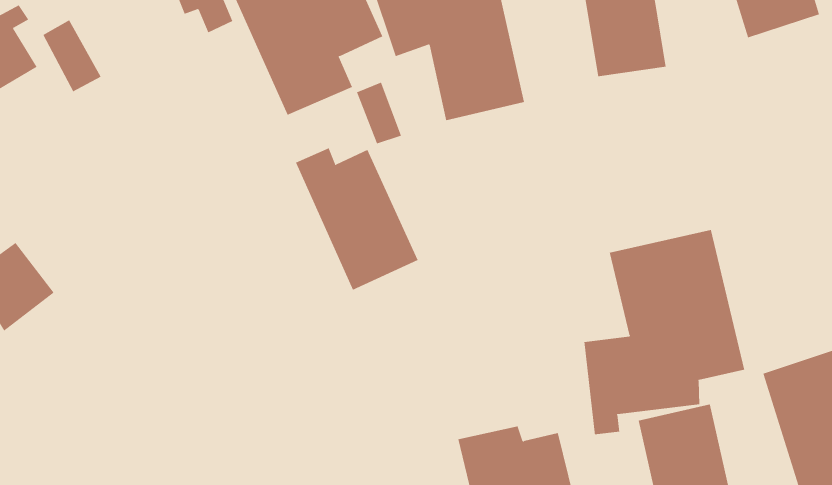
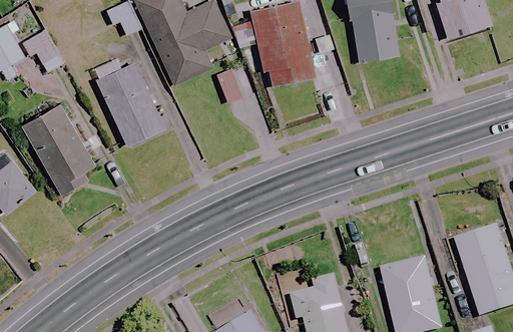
building: none -> [20,102,100,197]
building: [295,147,418,291] -> [91,61,164,146]
building: [584,229,745,435] -> none

